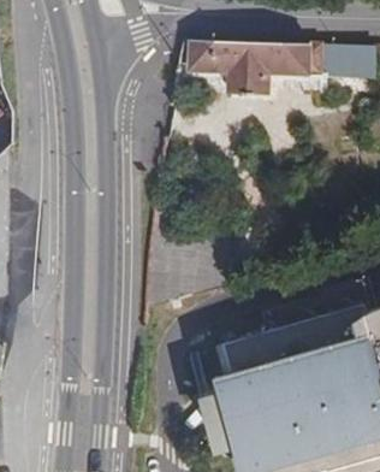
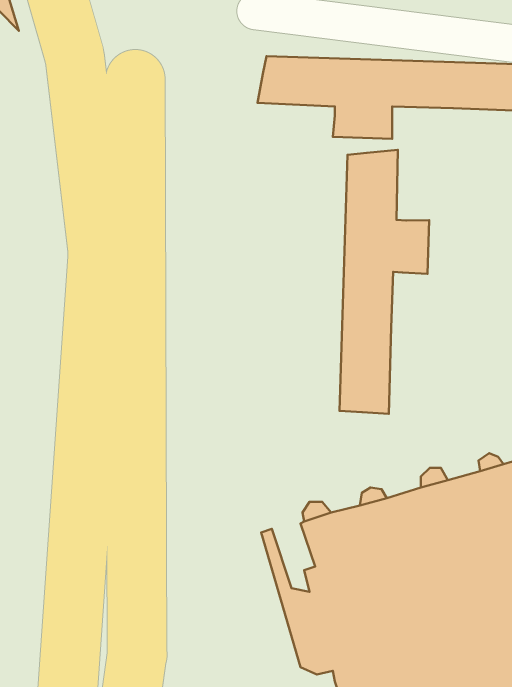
building: none -> [339,150,429,414]

